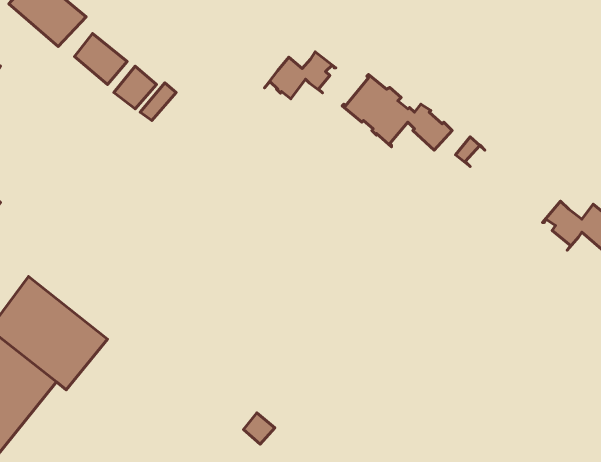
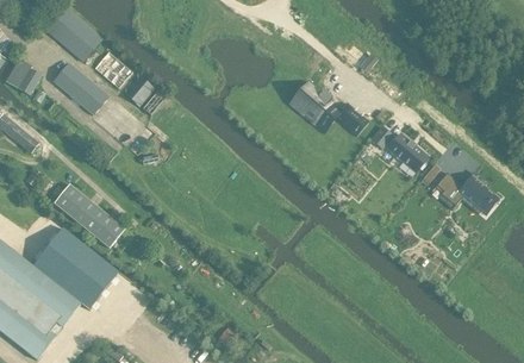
building: none -> [52,62,107,114]
building: [265,52,336,99] -> none
building: none -> [387,133,428,171]
building: none -> [52,183,124,248]

